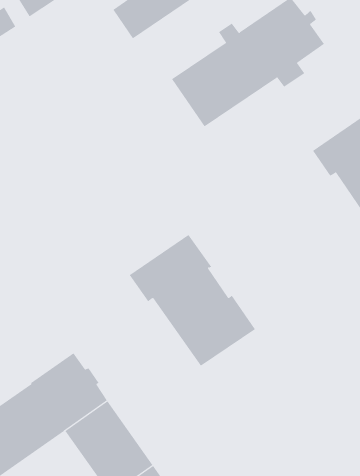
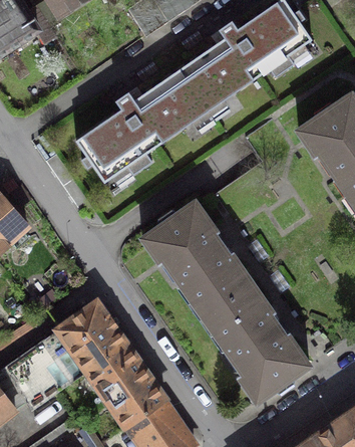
building: none -> [76,69,208,182]
building: none -> [205,283,308,401]

